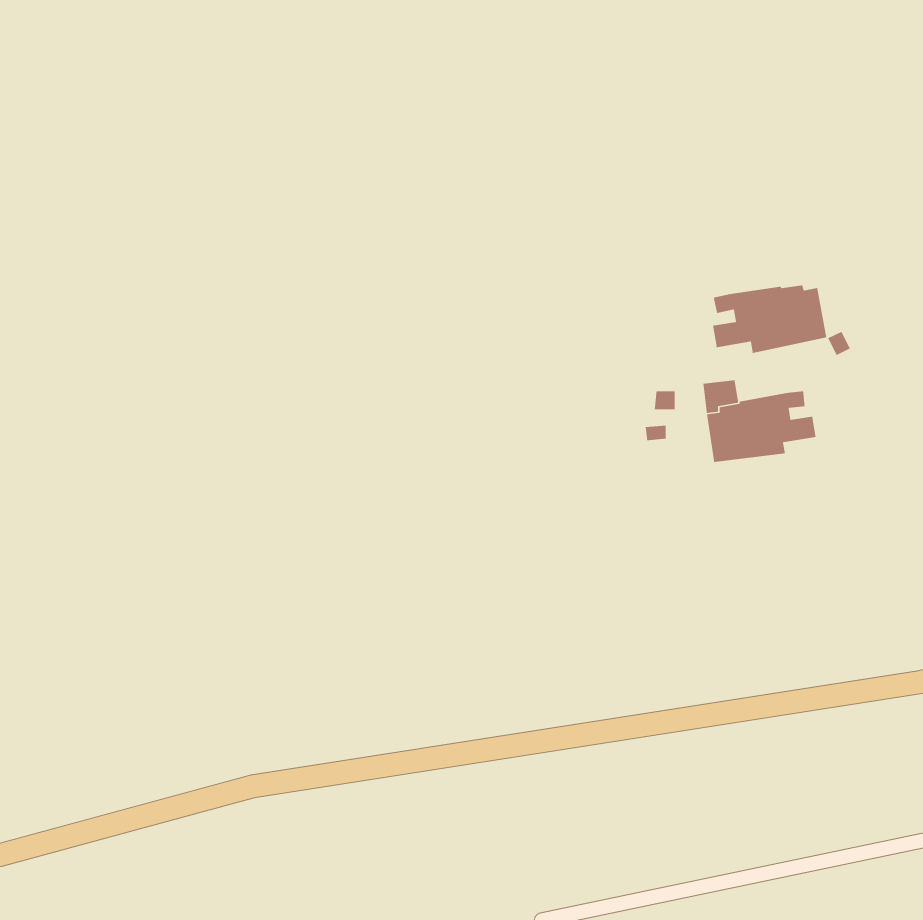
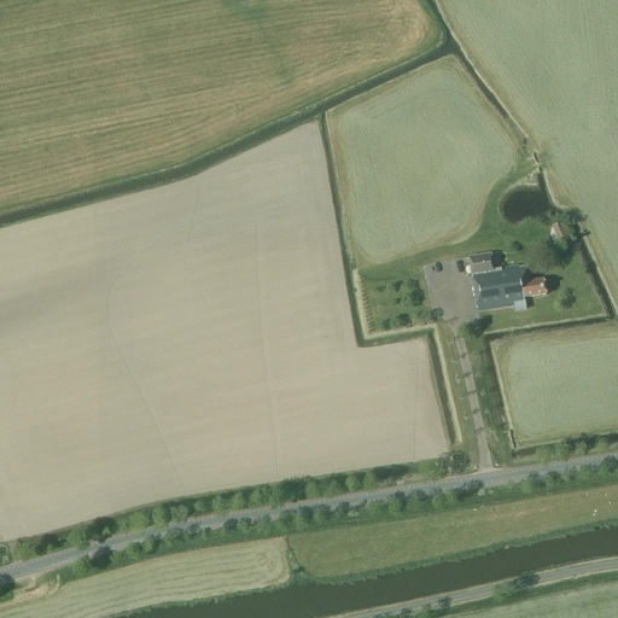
building: [712,284,827,354] -> none

